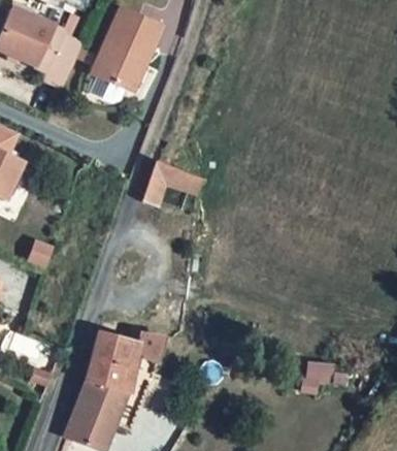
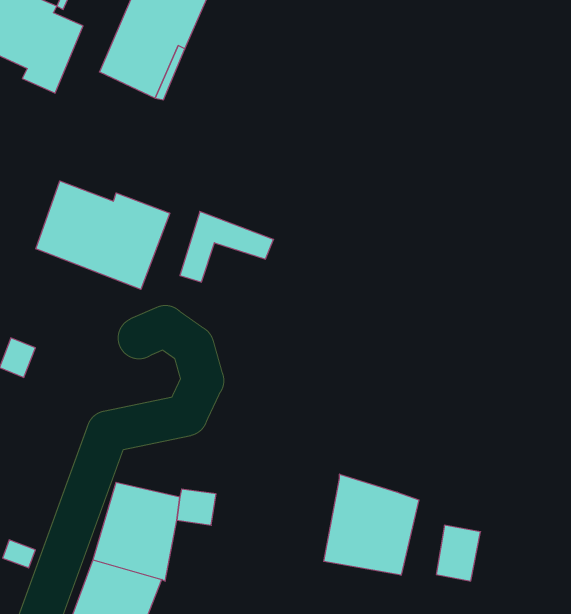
building: none -> [36,181,170,289]
building: none -> [324,474,419,575]

